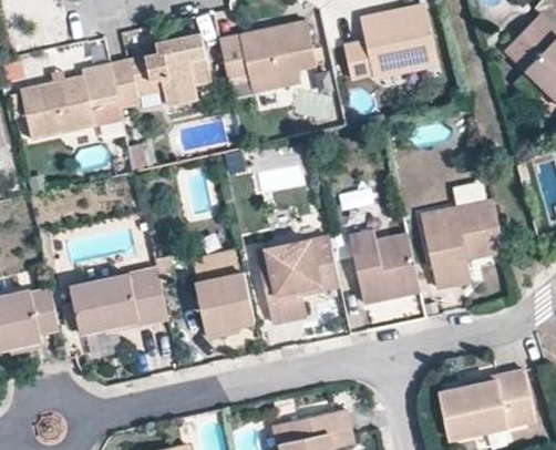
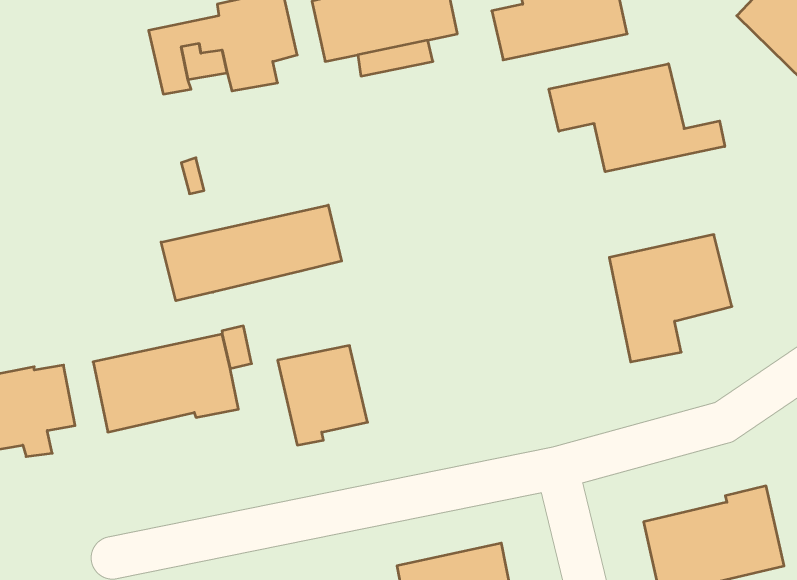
building: [21,61,121,139] -> none
building: none -> [549,64,725,172]
building: none -> [161,205,342,301]
building: [349,223,419,301] -> none
building: [259,237,340,323] -> none

